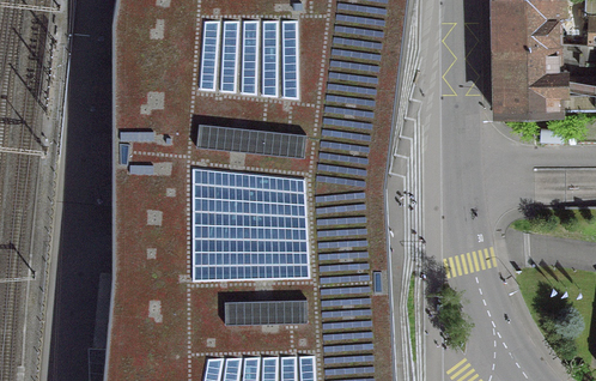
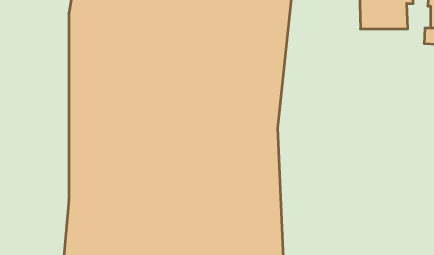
building: [494,53,565,121] -> none

